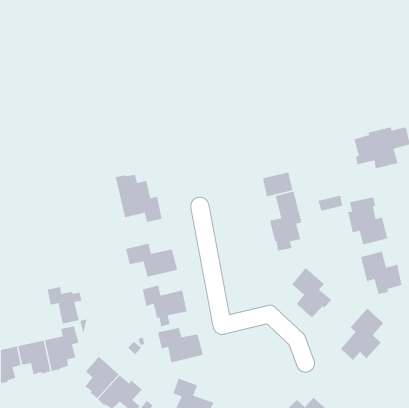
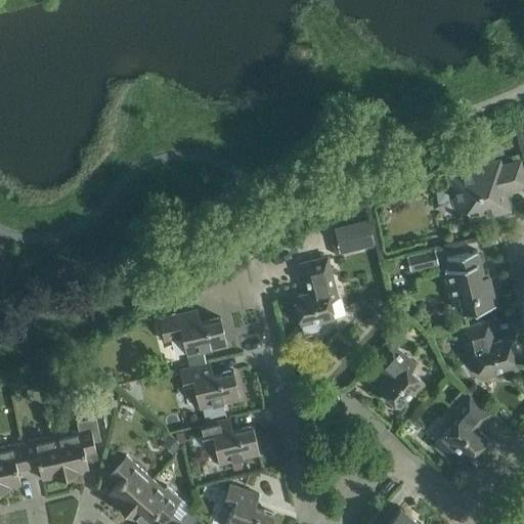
building: [115,174,162,223] -> none
building: [269,191,302,252] -> [294,259,336,337]
building: [47,286,82,325] -> none

